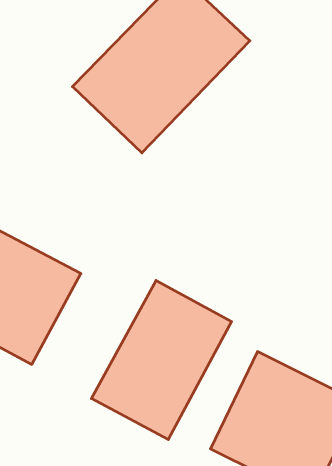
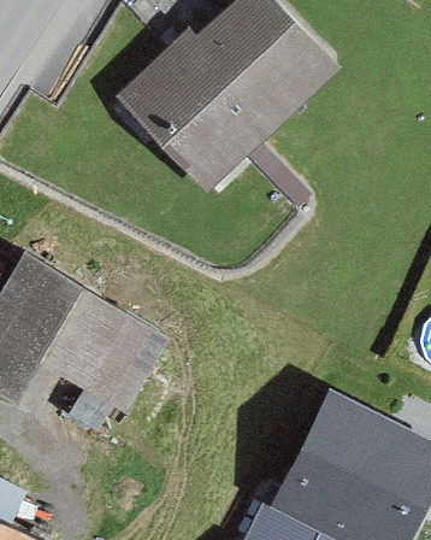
building: [91,280,232,440] -> none

